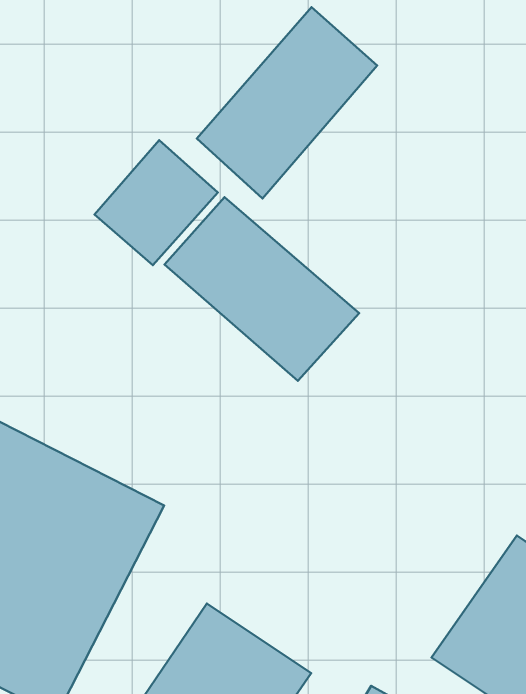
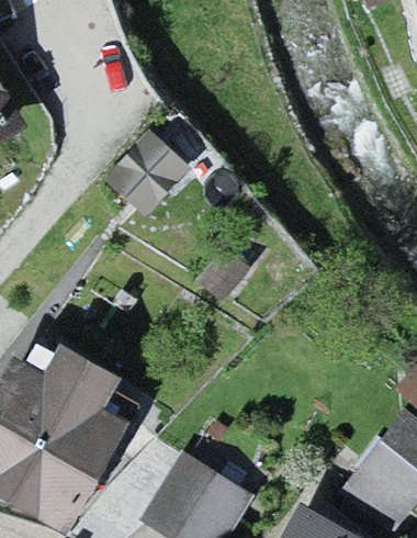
building: [197,7,377,199] -> none
building: [164,197,359,381] -> none

